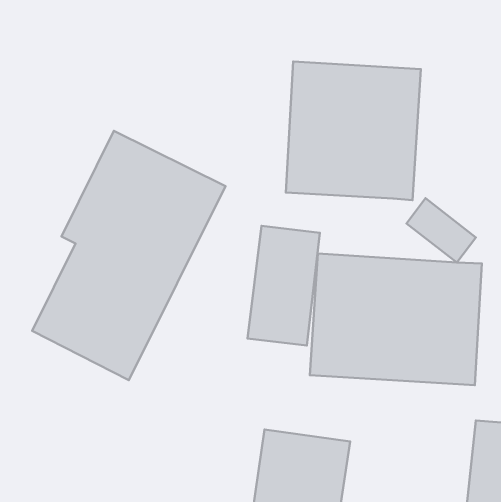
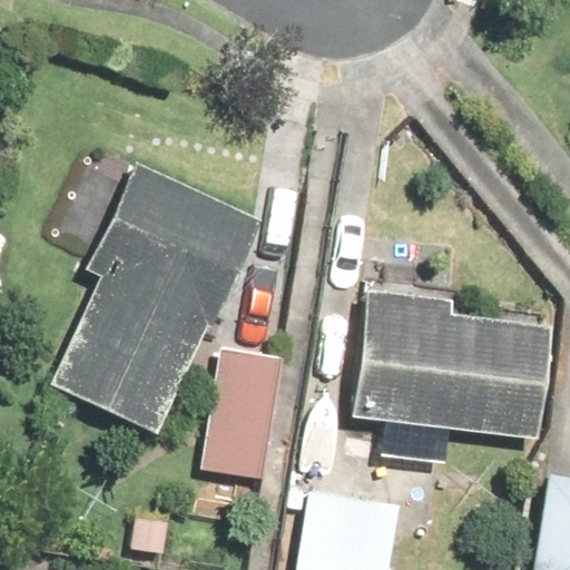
building: [286,61,421,200] -> none
building: [247,226,320,346] -> [203,351,283,483]

